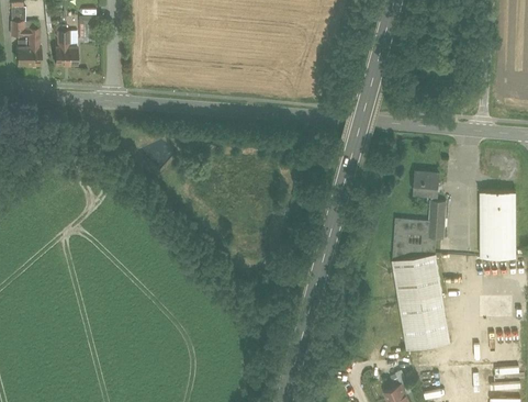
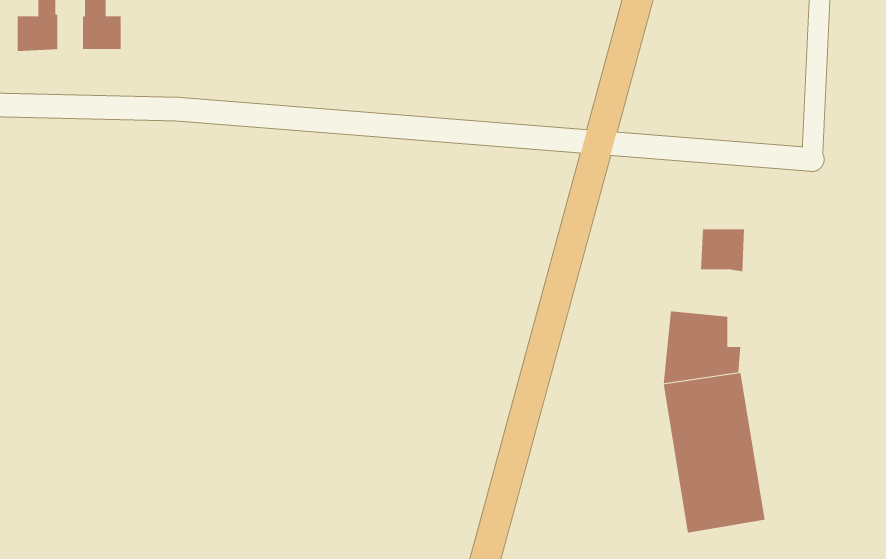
building: [480,191,517,258] -> none
building: [429,196,447,241] -> none

